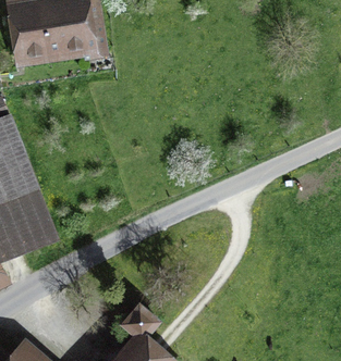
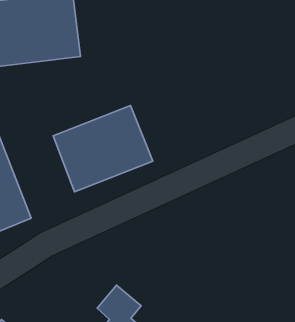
building: none -> [53,106,153,192]

